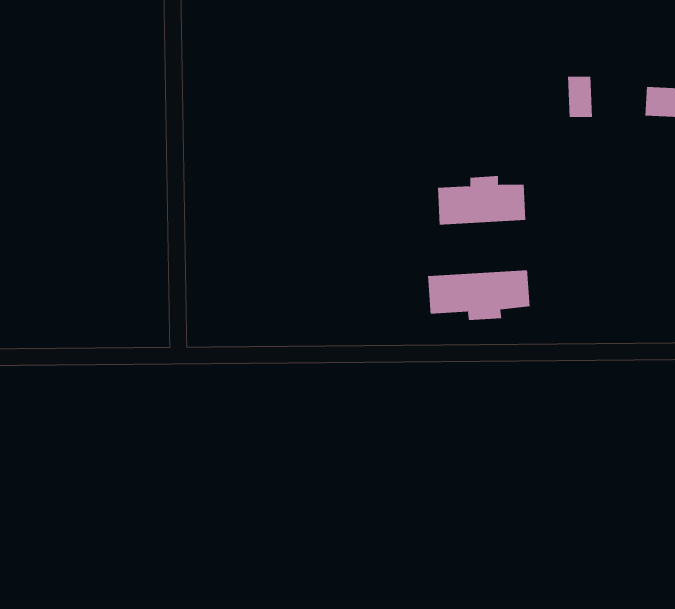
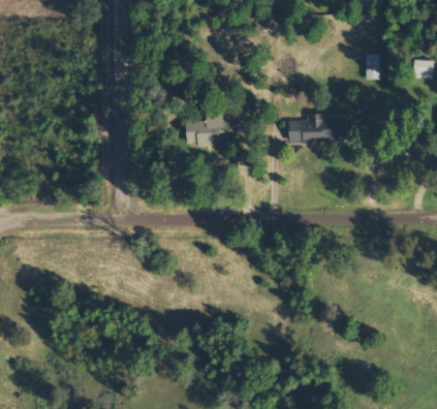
building: none -> [196,114,232,146]
building: [427,270,530,321] -> none

